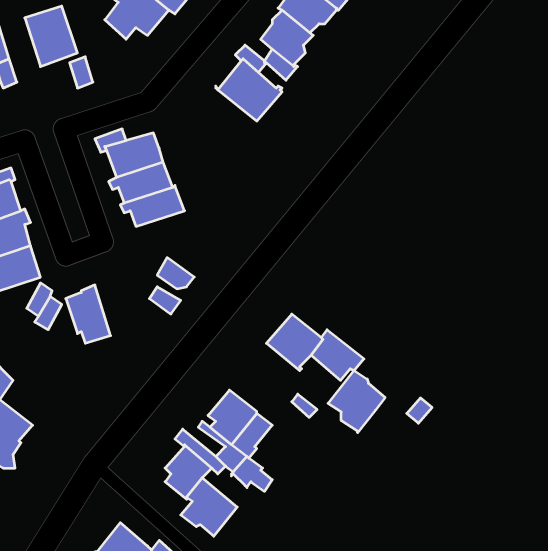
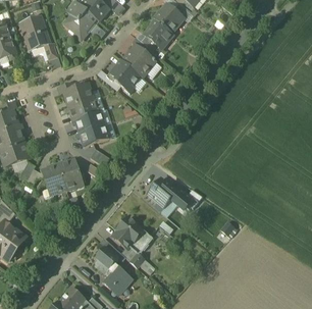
building: none -> [107,59,142,93]
building: none -> [75,123,108,146]
building: none -> [57,158,83,190]
building: [328,371,385,433] -> none

